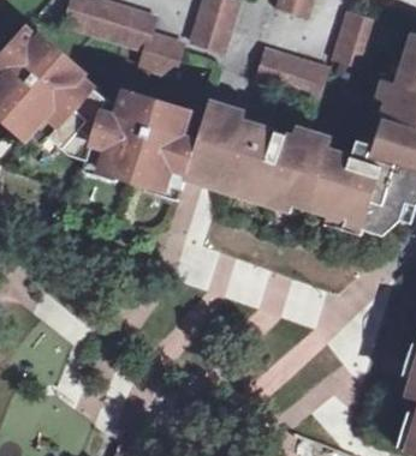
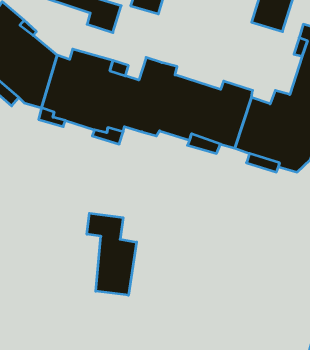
building: [255,46,335,102] -> none
building: none -> [87,213,137,295]

